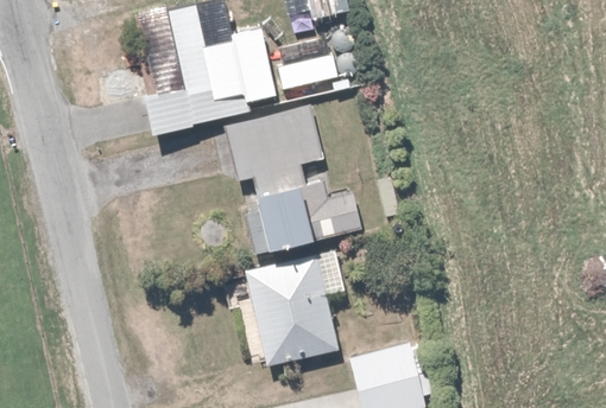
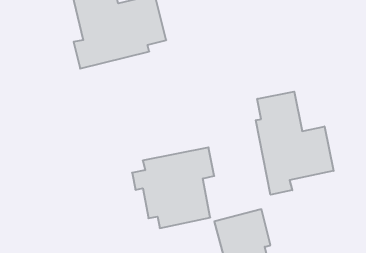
building: [222,104,362,254] -> none
building: none -> [256,92,334,195]

